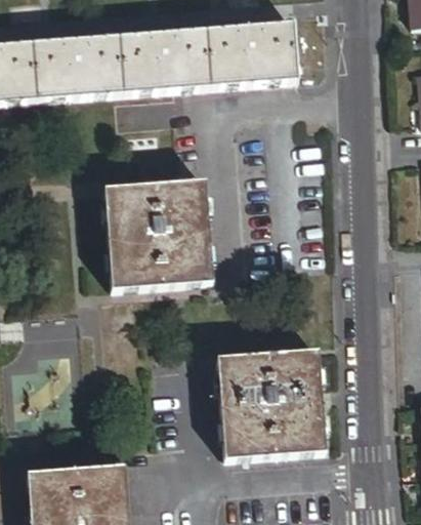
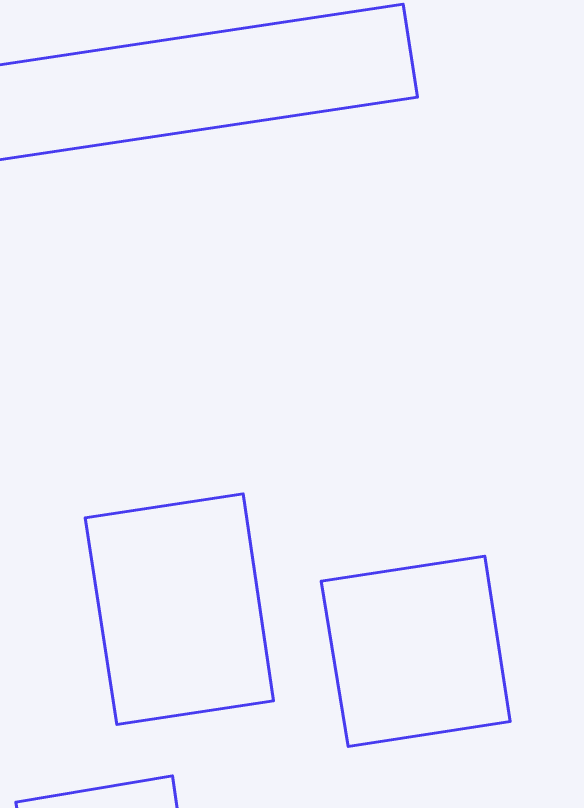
building: [103,179,208,287] -> none
building: none -> [85,494,273,725]

